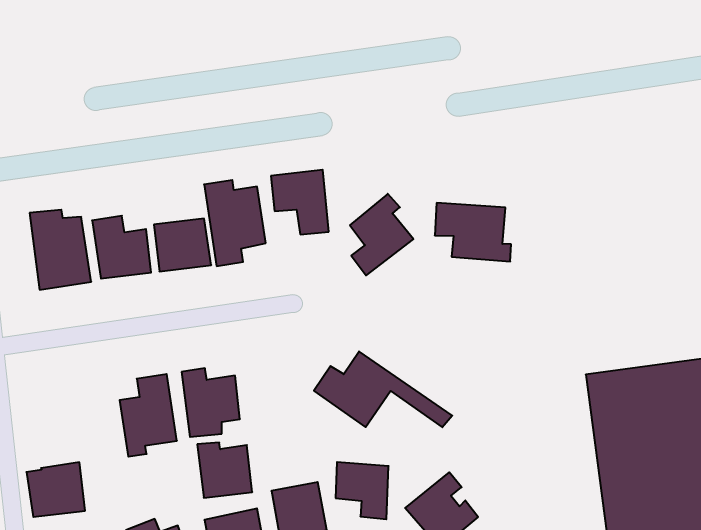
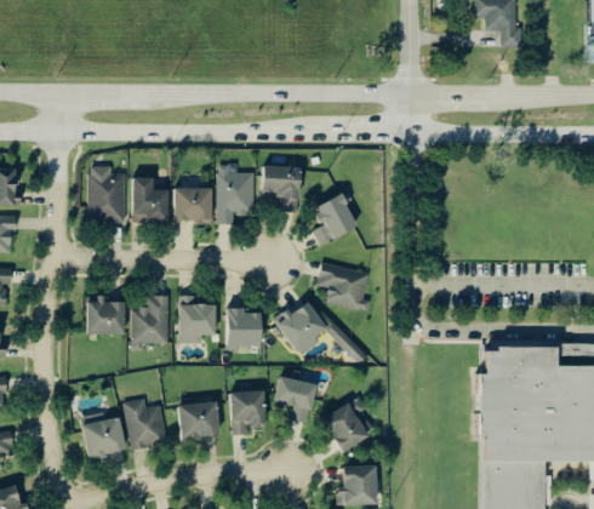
building: [435,203,511,261] -> [316,263,370,313]
building: [197,443,252,498] -> [227,308,263,348]
building: [26,462,85,517] -> [87,301,126,336]

